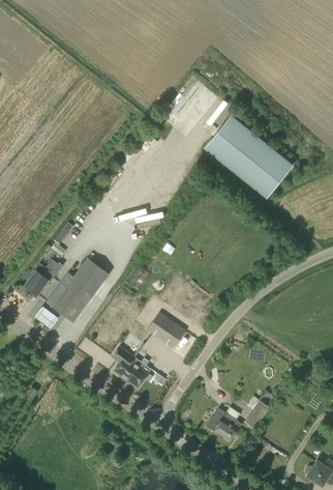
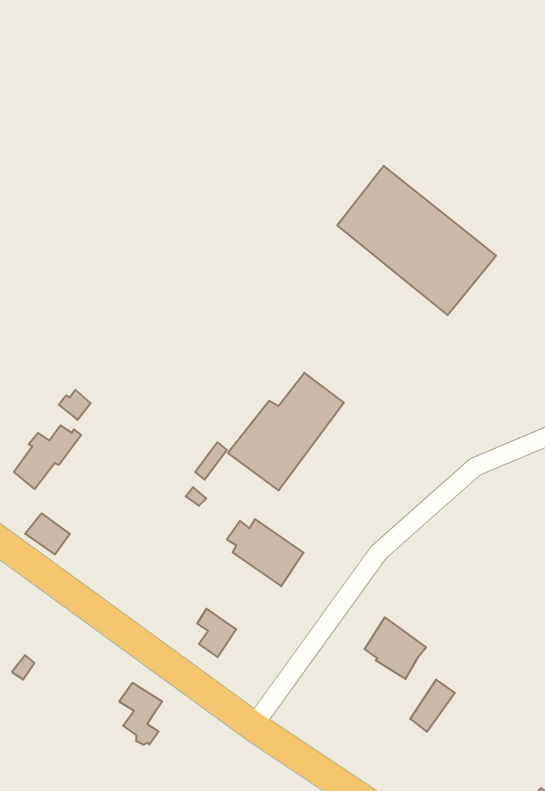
building: [46,257,110,322] -> [228,373,344,490]
building: [112,346,135,380] -> [119,683,162,745]
building: [207,407,241,441] -> [364,617,426,679]

